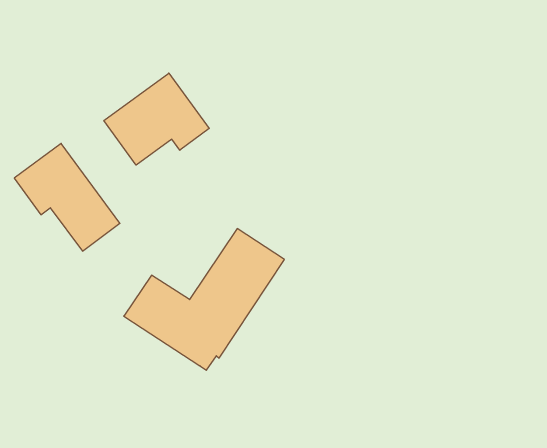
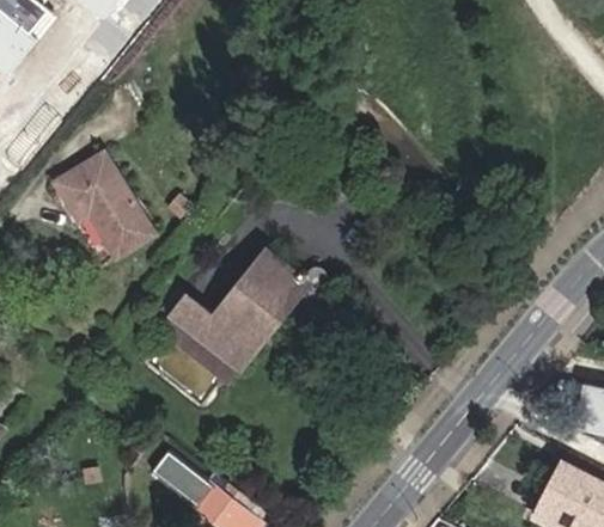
building: [104,73,209,165] -> none

